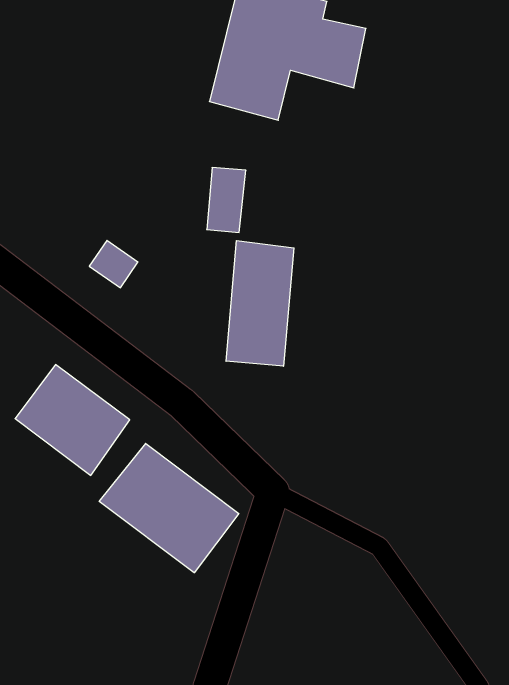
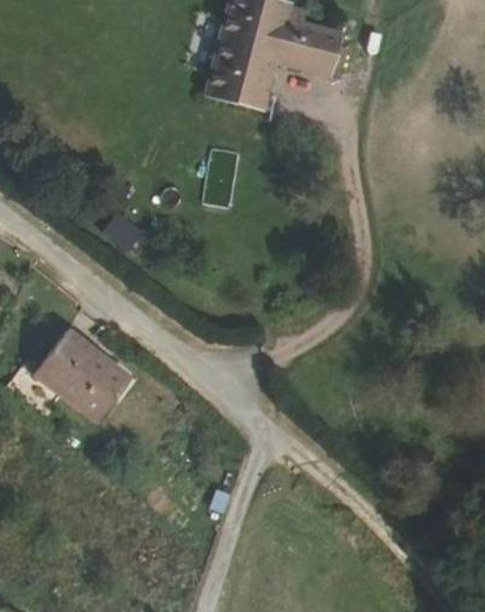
building: [226,241,294,366] -> none
building: [99,443,239,573] -> none

